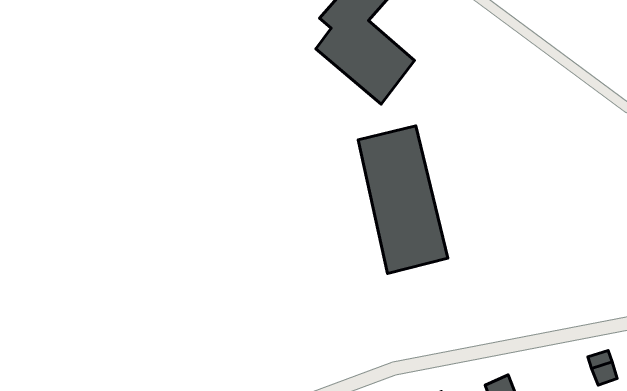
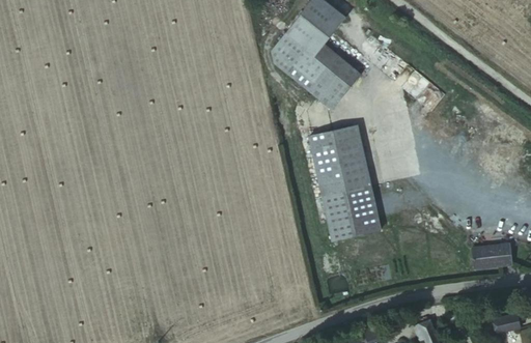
building: none -> [476,248,519,271]

